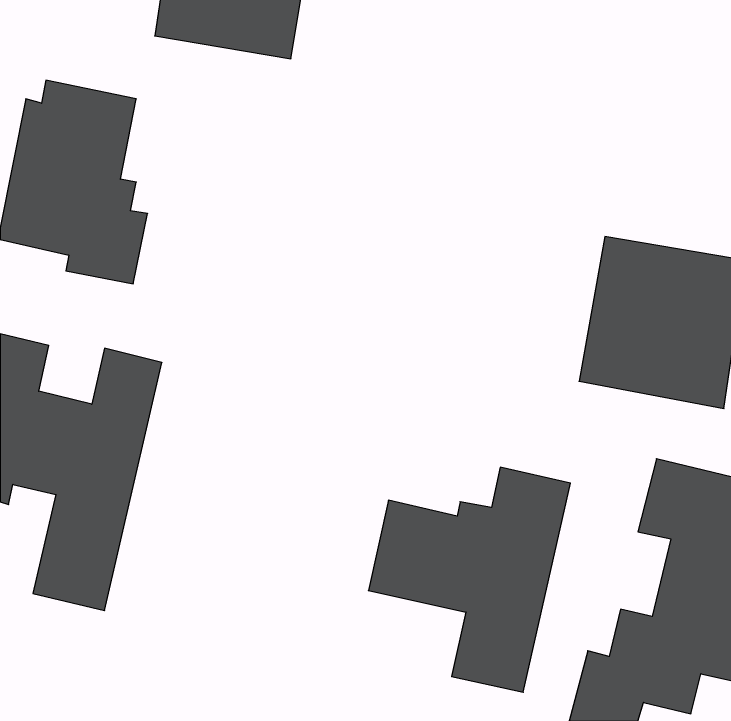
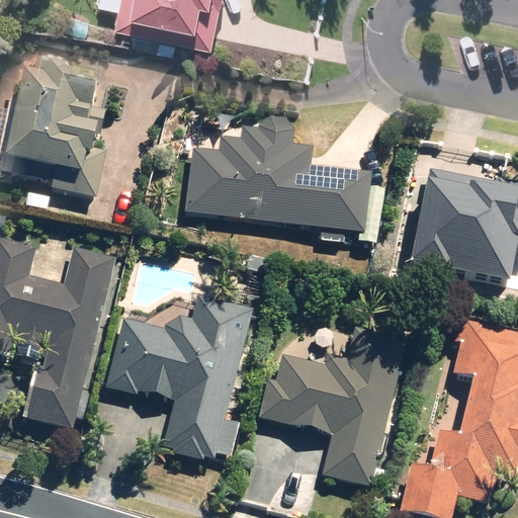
building: none -> [181,116,380,242]
building: none -> [106,297,250,461]

